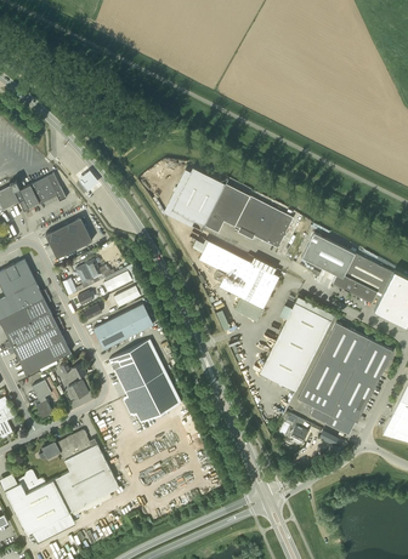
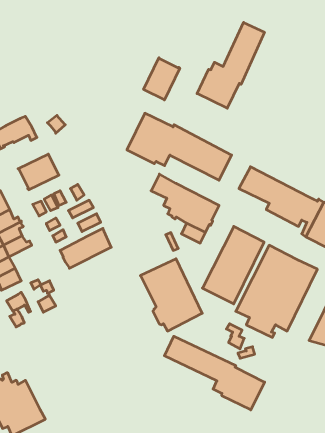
building: none -> [197,22,264,108]
building: none -> [144,58,180,100]
building: [34,323,70,364] -> none
building: [109,340,181,423] -> [140,259,202,331]
building: none -> [164,336,265,410]
building: [40,430,119,513] -> none

